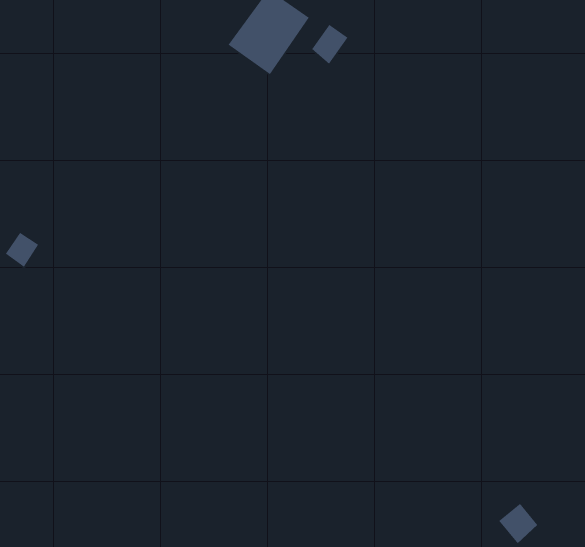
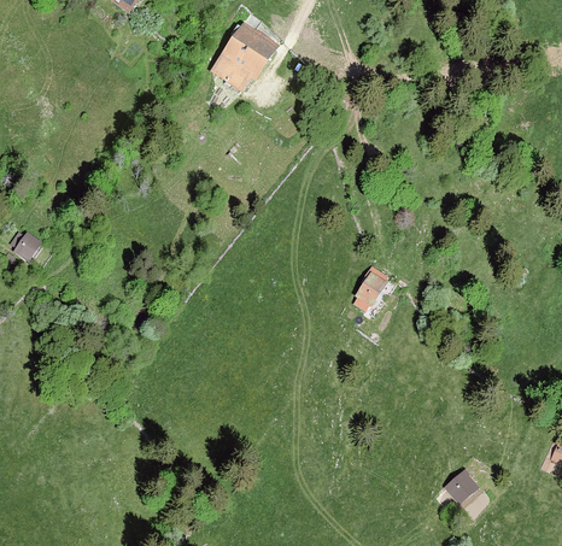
building: [311,24,349,65] -> none
building: none -> [350,268,392,313]

